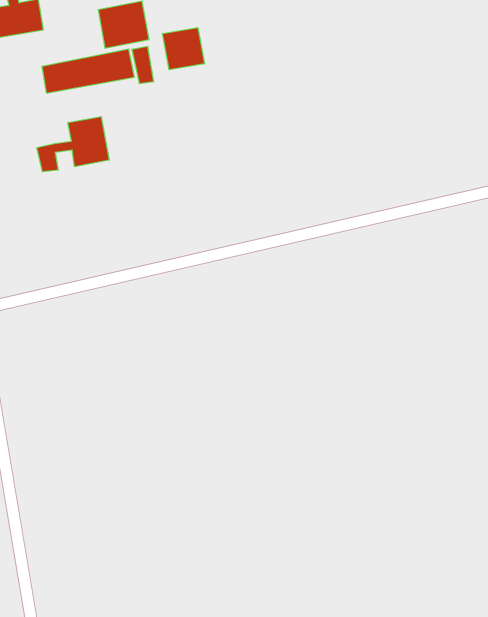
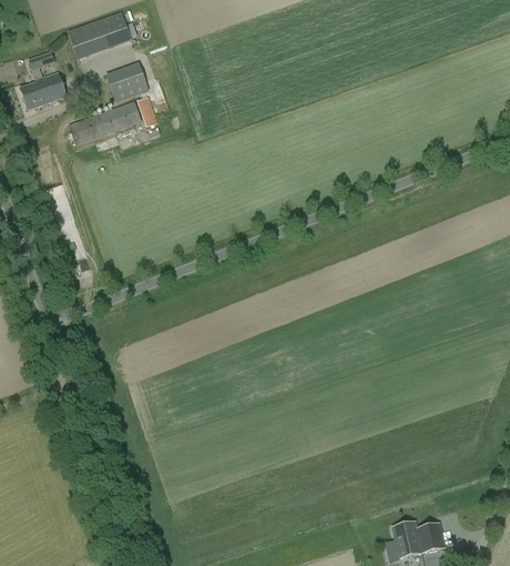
building: [163,28,205,70] -> none
building: [37,117,109,172] -> none

